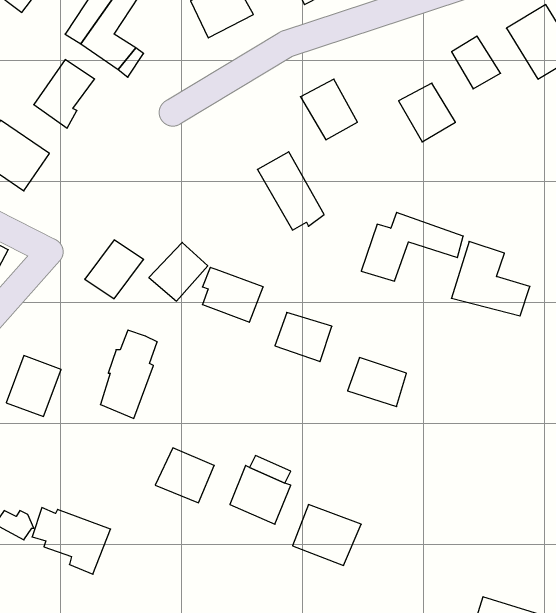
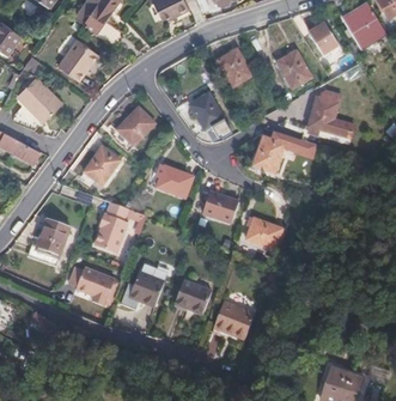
building: [451,241,530,316] -> [306,97,354,142]
building: [149,242,208,301] -> [117,108,153,144]
building: [32,508,111,574] -> [66,266,114,306]

